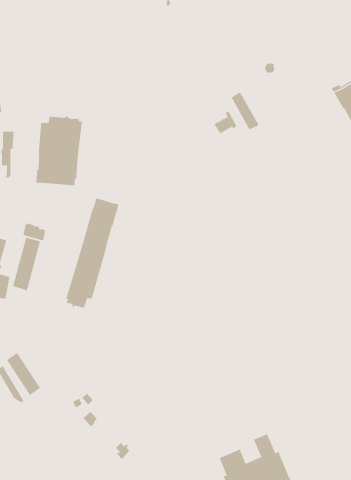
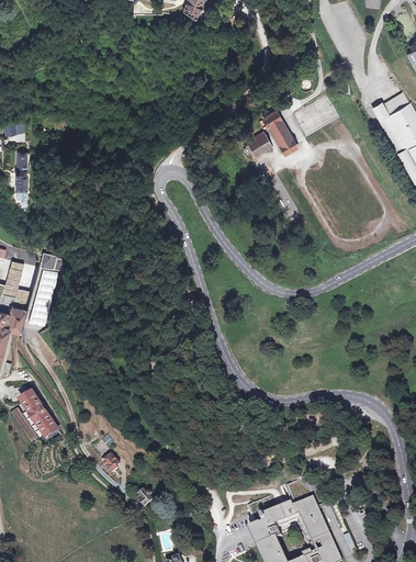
building: [36,115,82,186] -> none
building: [66,198,119,309] -> none

